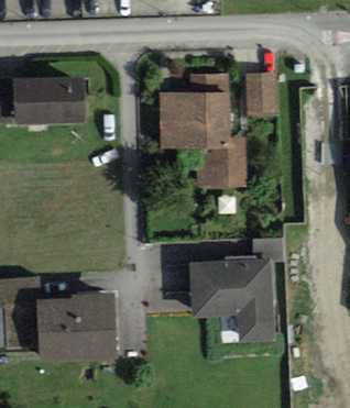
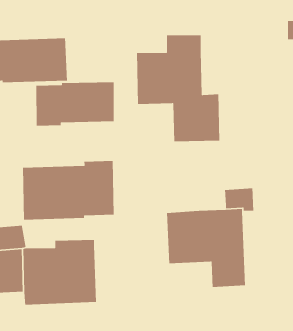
building: [247,73,277,114] -> none
building: none -> [36,81,115,127]
building: none -> [22,160,115,221]

